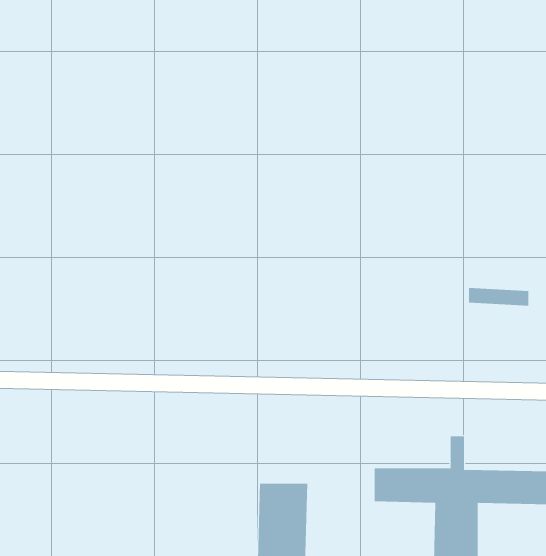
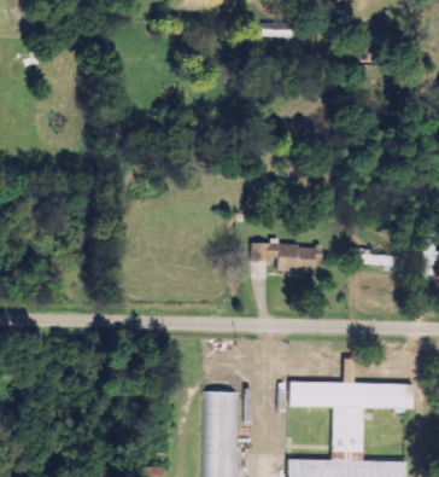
building: none -> [250,244,321,271]

